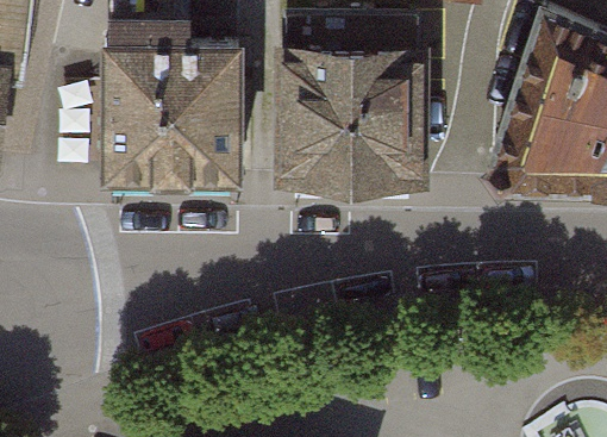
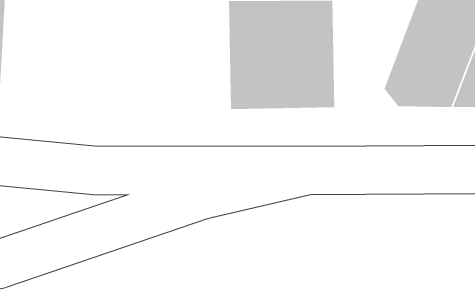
building: [106,49,237,179] -> none

